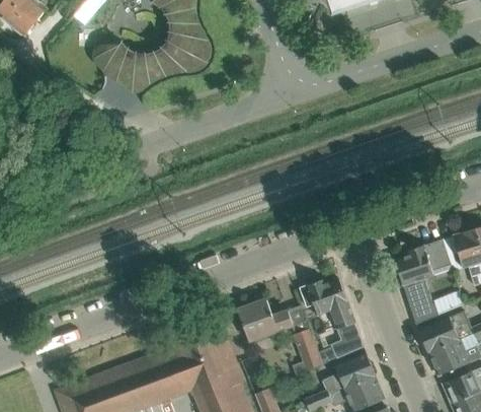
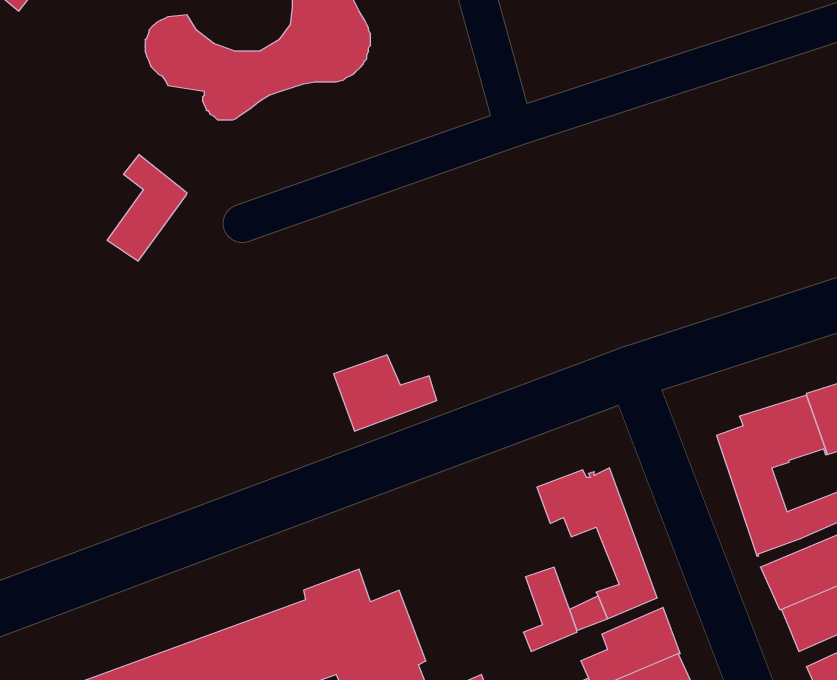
building: none -> [107,154,187,261]
building: [238,300,293,341] -> [334,355,437,431]

